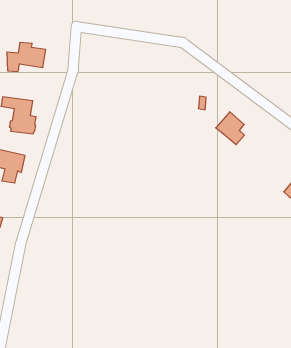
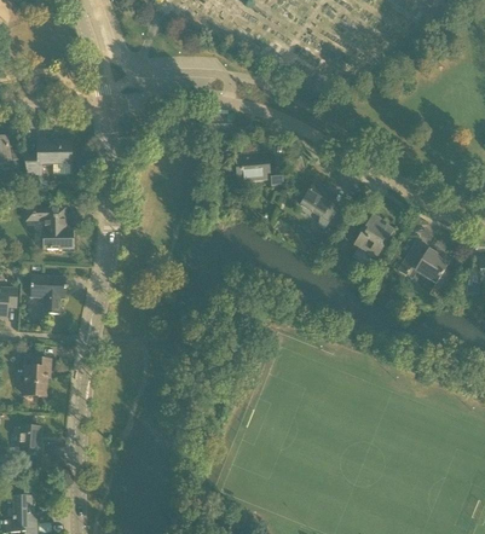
building: none -> [235,153,271,181]
building: none -> [353,214,394,259]

